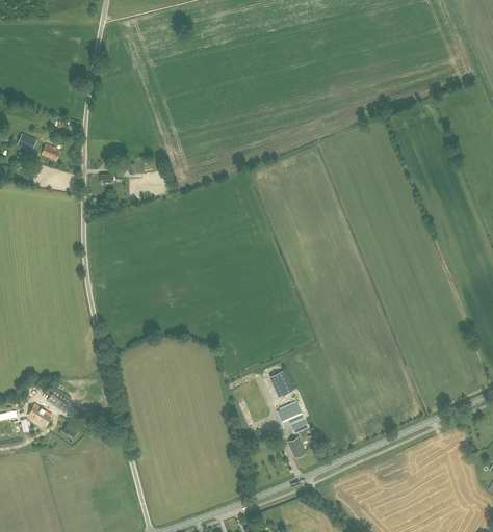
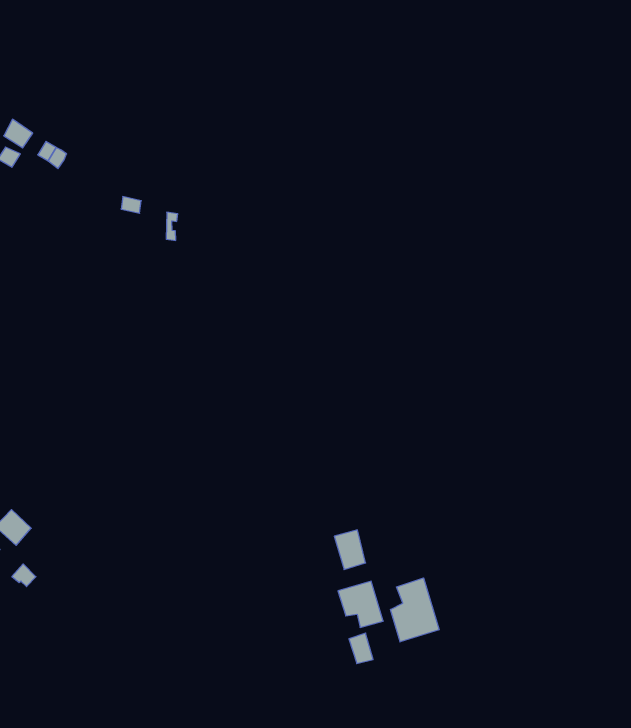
building: none -> [391,578,439,642]

